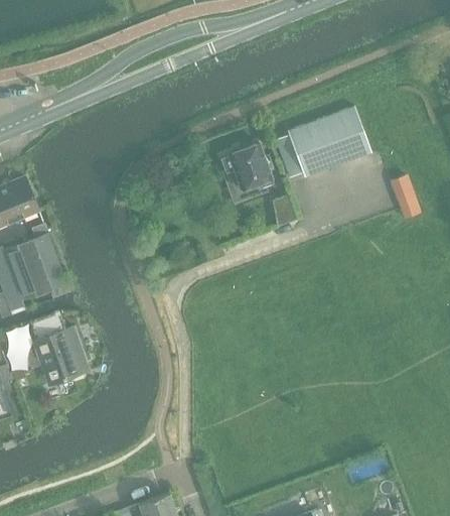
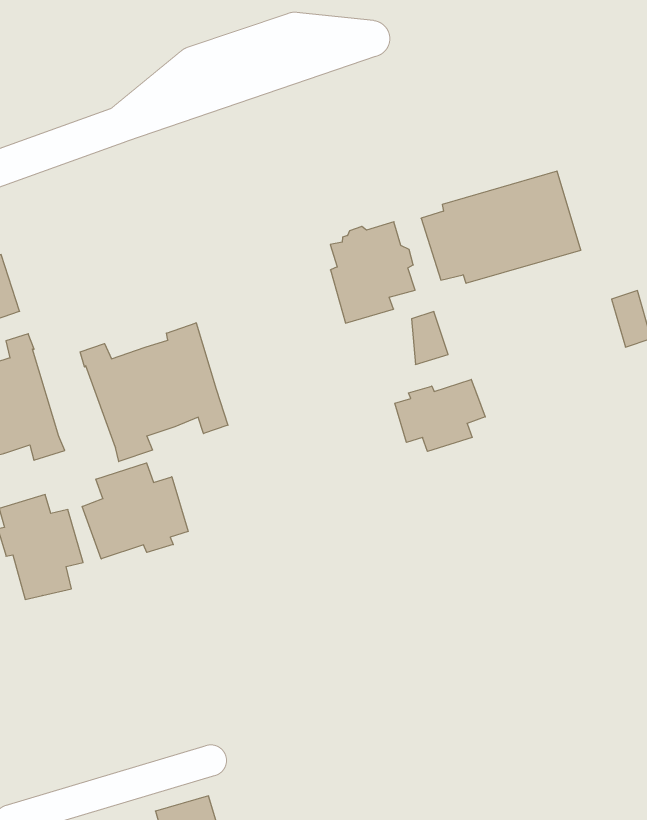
building: none -> [80,323,228,462]
building: none -> [395,379,485,451]
building: none -> [82,463,188,559]

